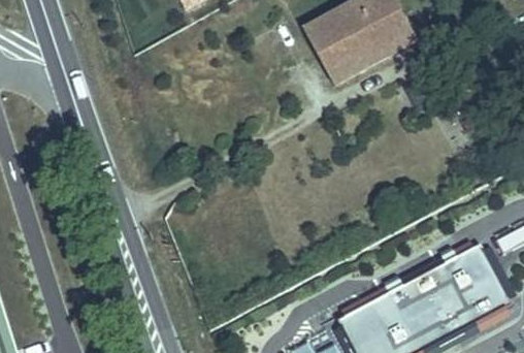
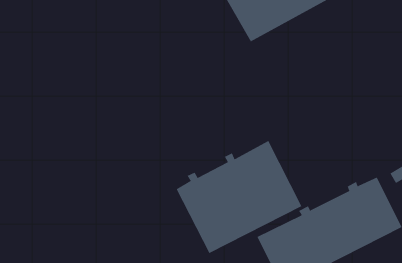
building: none -> [176,140,302,254]

